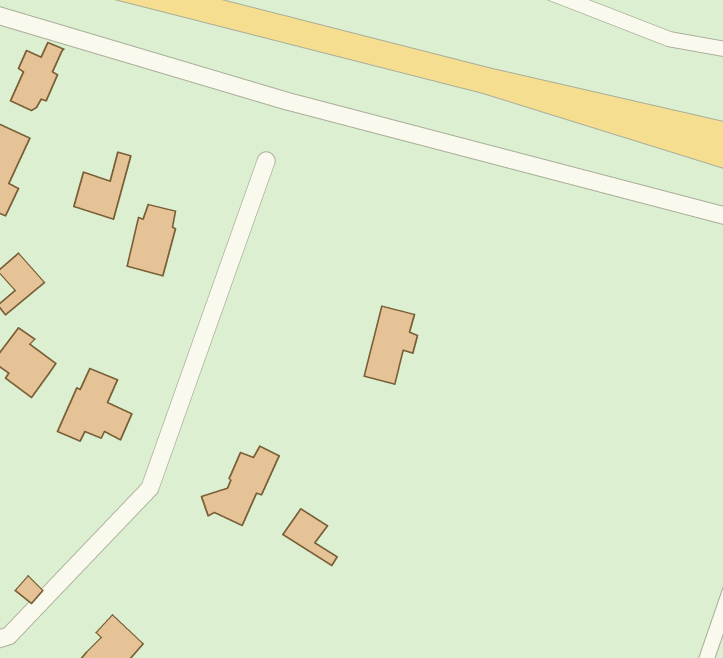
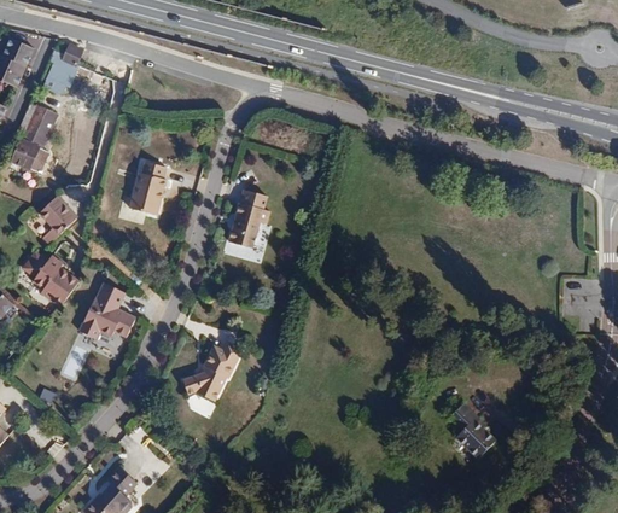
building: [74,152,131,219] -> none
building: [364,306,418,384] -> [231,190,270,247]
building: [283,509,337,565] -> none
building: none -> [450,402,497,457]

